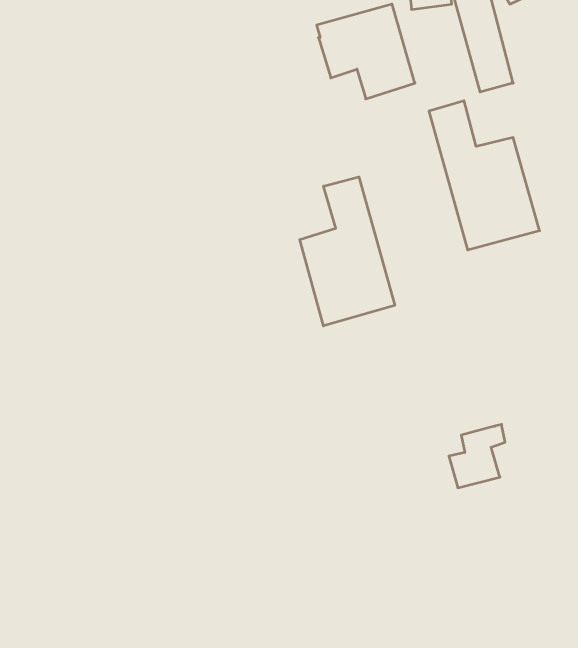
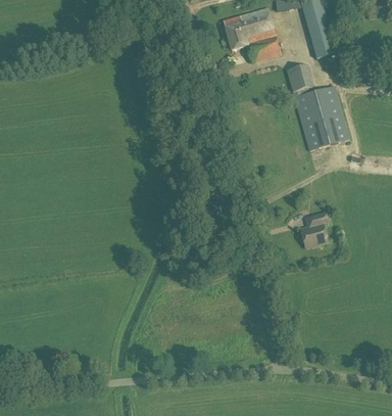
building: [300,177,395,326] -> none
building: [449,424,505,488] -> [298,211,331,247]

